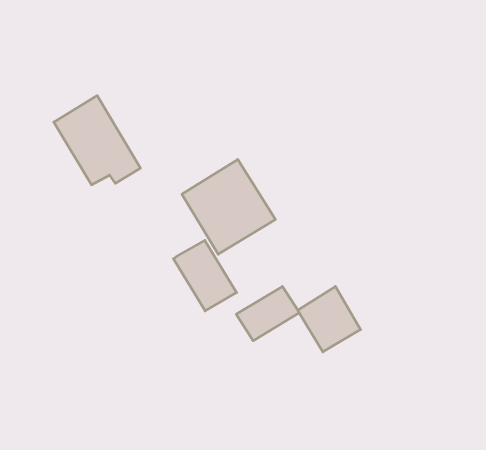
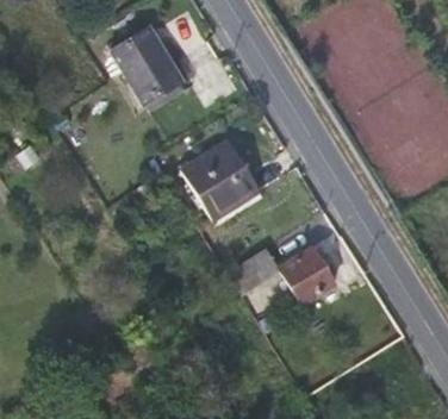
building: [54,96,140,185] -> [113,29,187,105]
building: [173,240,237,311] -> none

